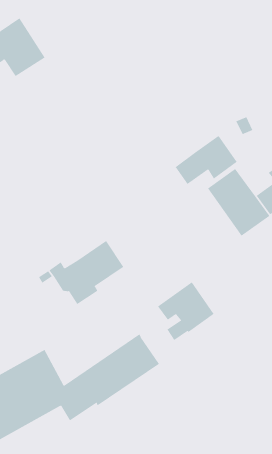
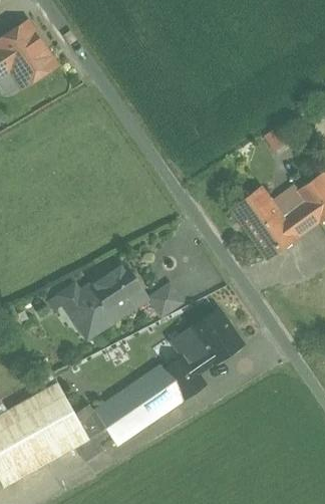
building: [175,135,238,185] -> none
building: none -> [146,283,181,316]
building: none -> [160,353,203,398]

